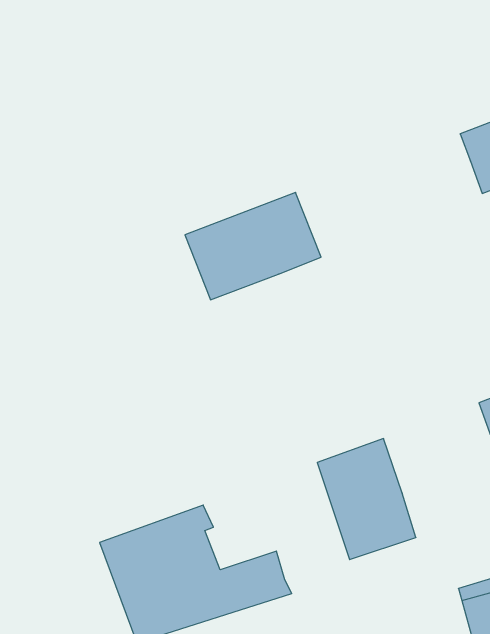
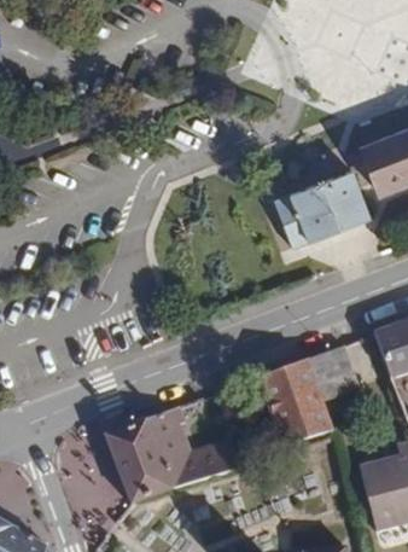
building: [185,192,321,300] -> [275,169,372,245]
building: none -> [307,347,359,399]

